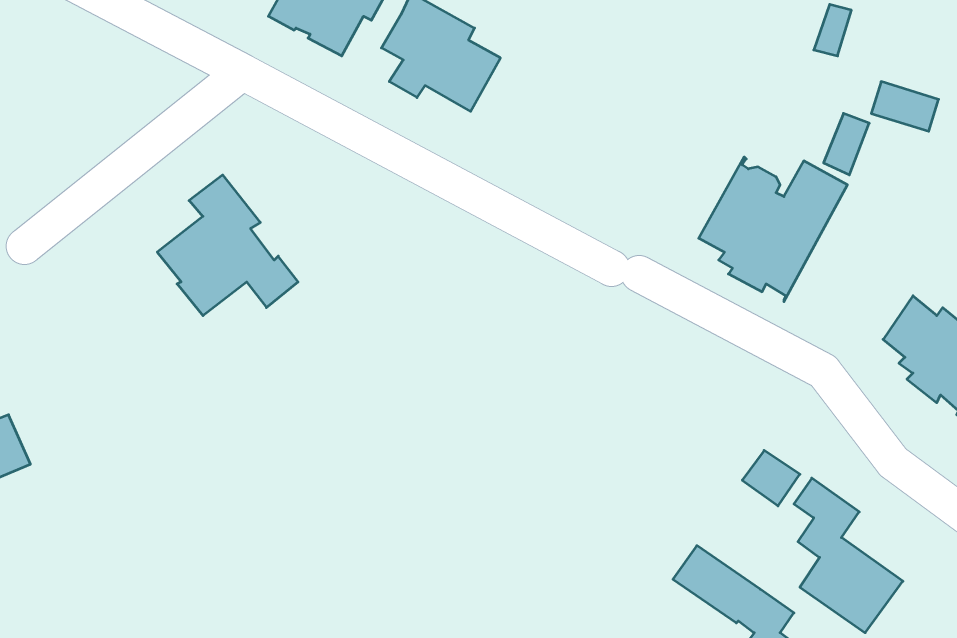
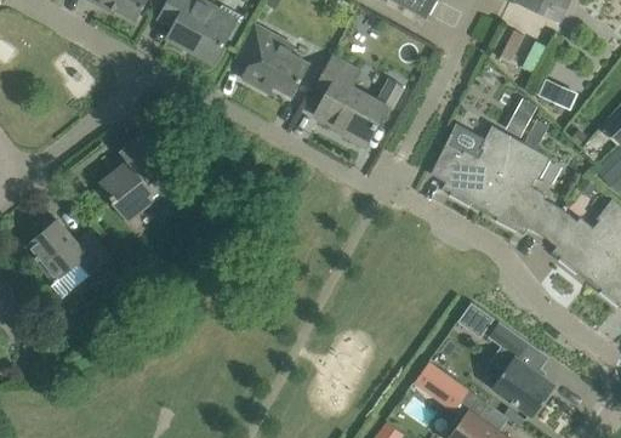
building: none -> [315,56,404,143]
building: none -> [483,141,562,235]
building: none -> [25,215,110,297]

